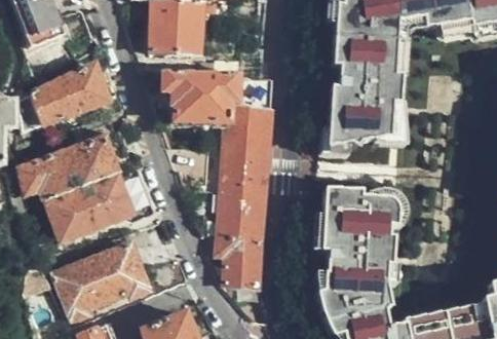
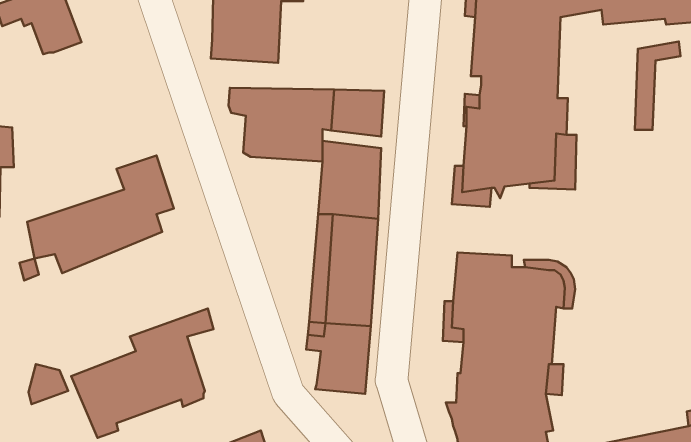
building: [393,17,425,79] -> [635,41,680,130]
building: [20,65,107,130] -> none
building: [47,173,132,240] -> none

